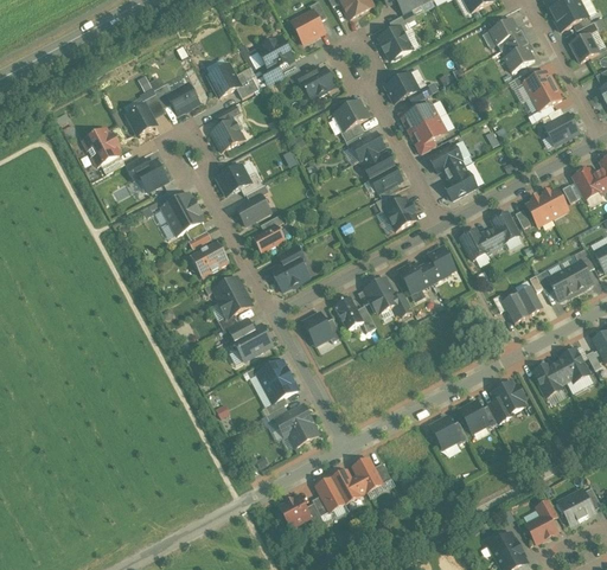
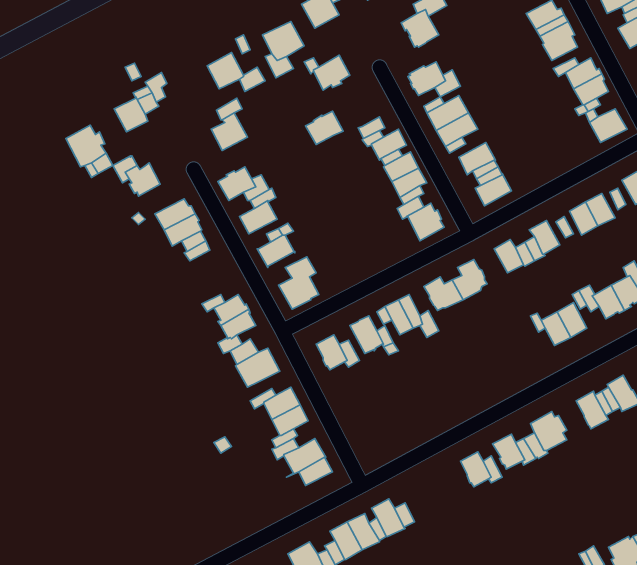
building: [167,83,198,114] -> none
building: [334,100,368,129] -> [306,111,343,145]
building: [190,241,229,276] -> none

